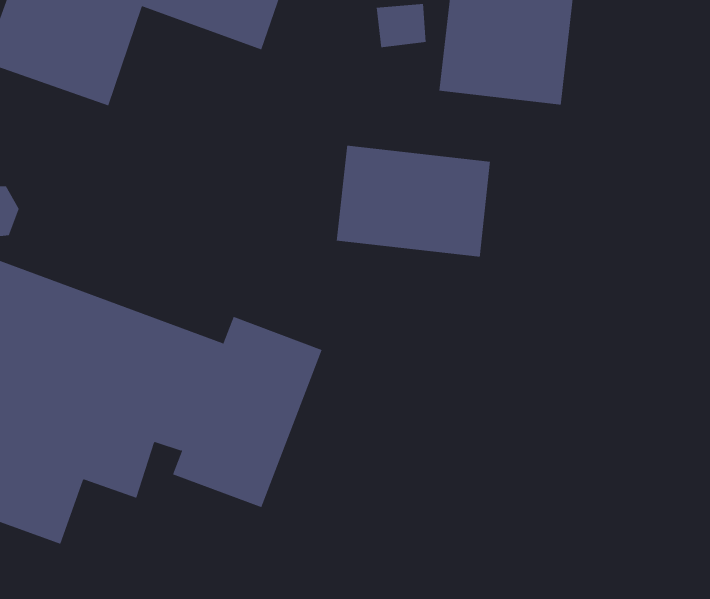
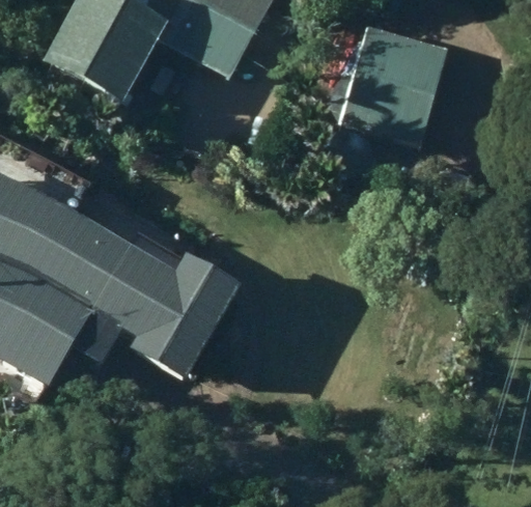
building: [336,145,491,258] -> none

